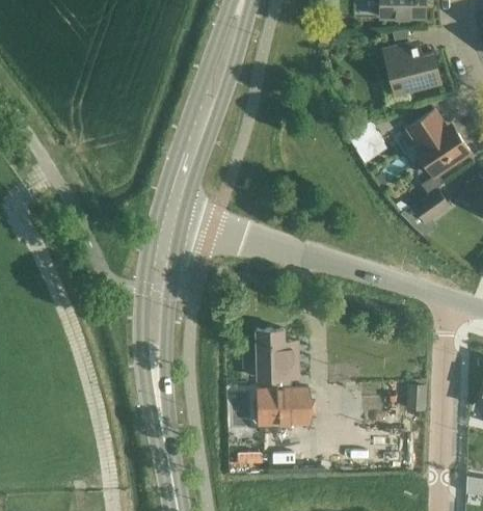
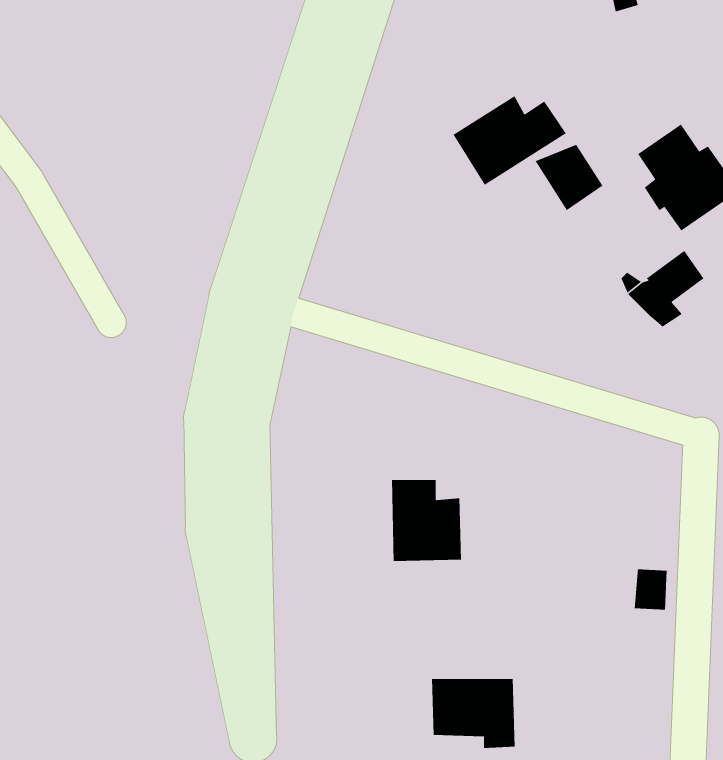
building: [383,44,440,95] -> none
building: none -> [452,95,567,186]
building: [257,388,308,432] -> [431,678,515,749]

